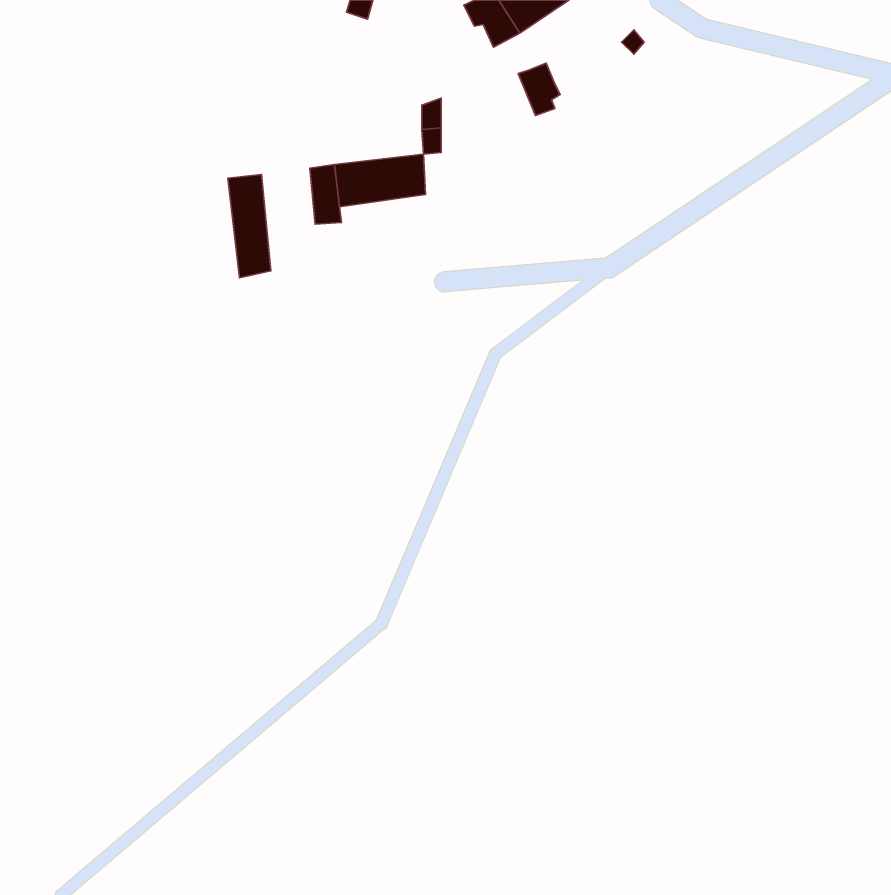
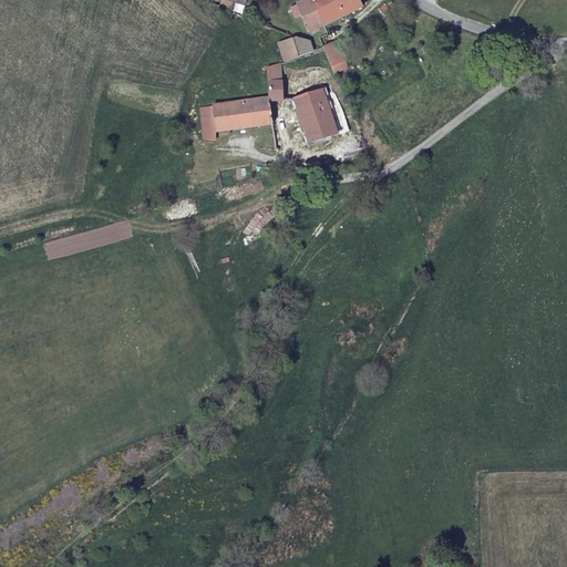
building: none -> [279,34,319,60]
building: none -> [292,84,338,137]
building: [228,175,271,278] -> none

